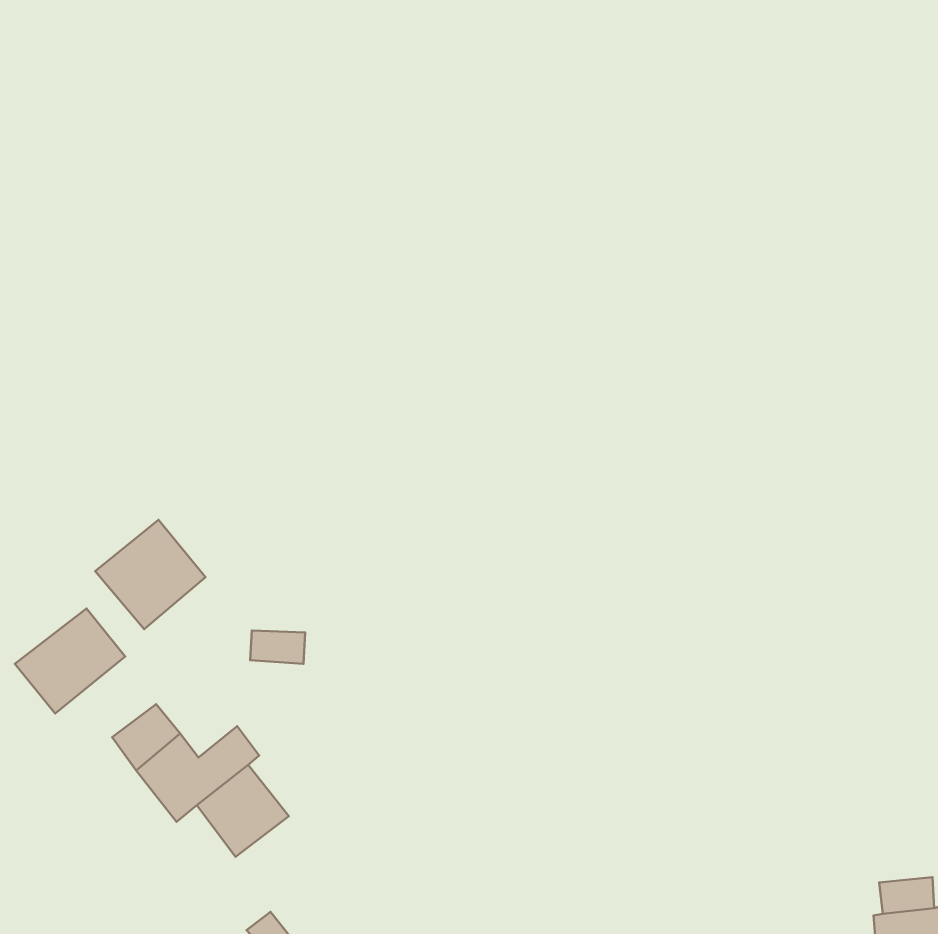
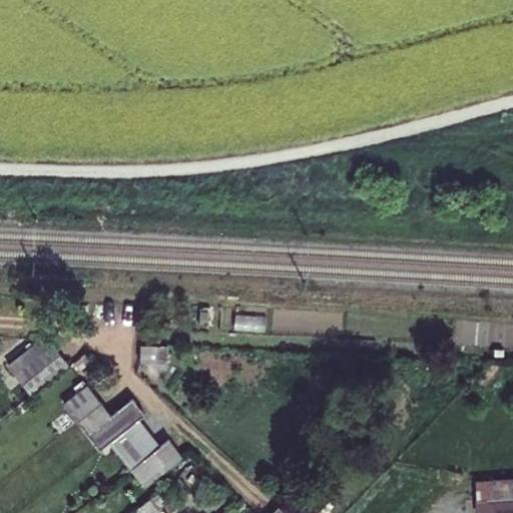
building: [95,520,205,629] -> none
building: none -> [129,440,181,488]

